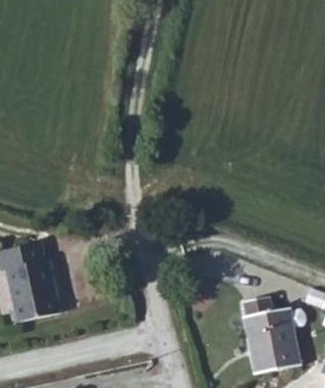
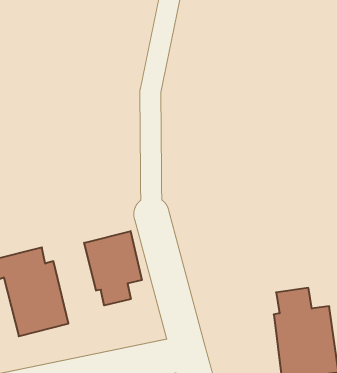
building: none -> [84,231,142,305]

